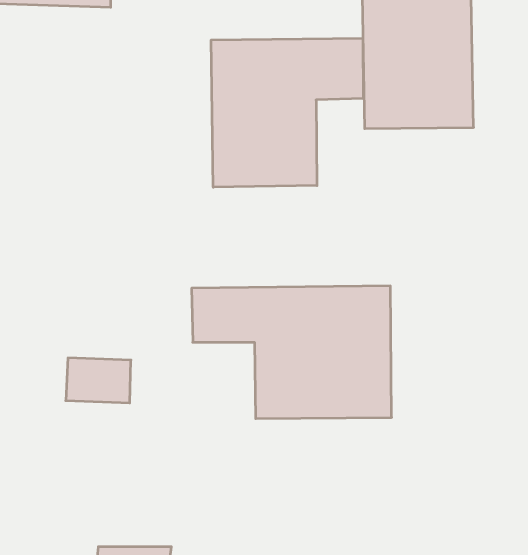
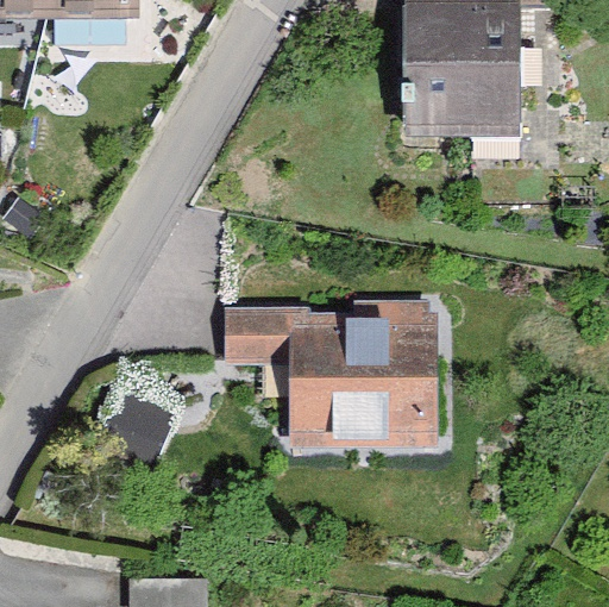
building: [211,38,363,187] -> none

